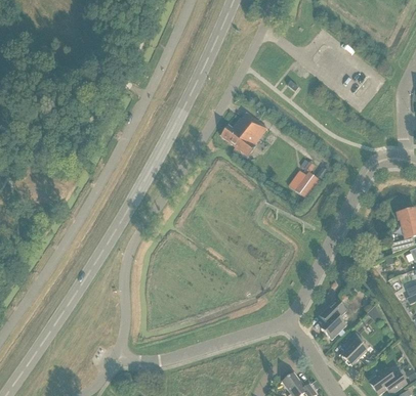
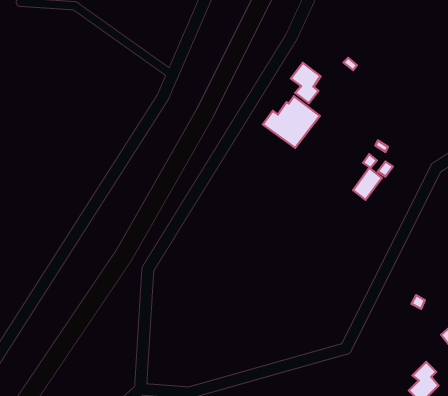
building: none -> [291,63,321,103]
building: [320,299,346,339] -> none

